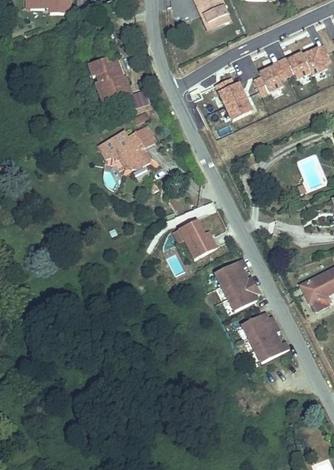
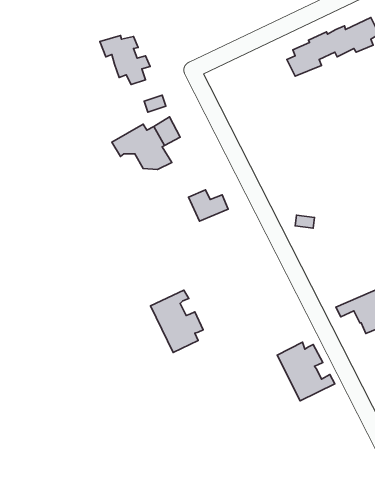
building: [212,77,247,118] -> none
building: [177,220,220,258] -> none
building: [216,260,260,312] -> [150,290,203,352]

